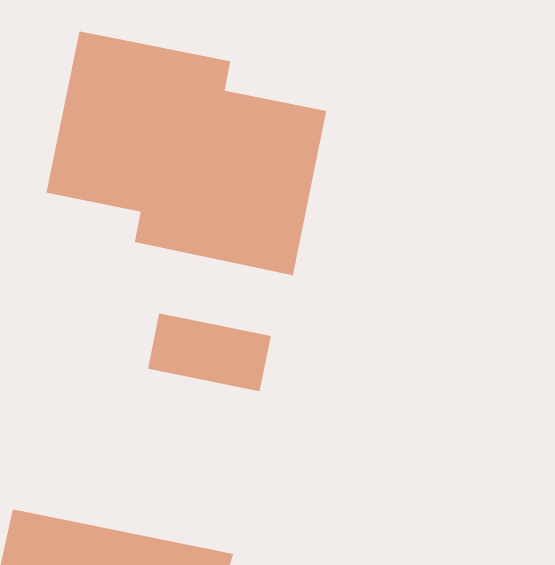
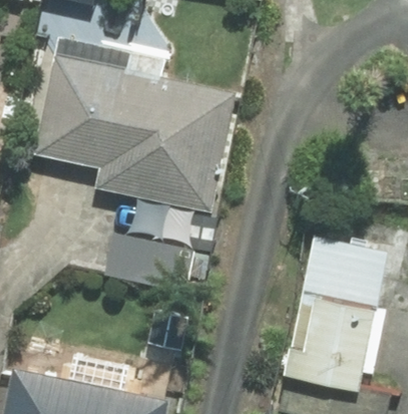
building: none -> [287,237,385,392]

